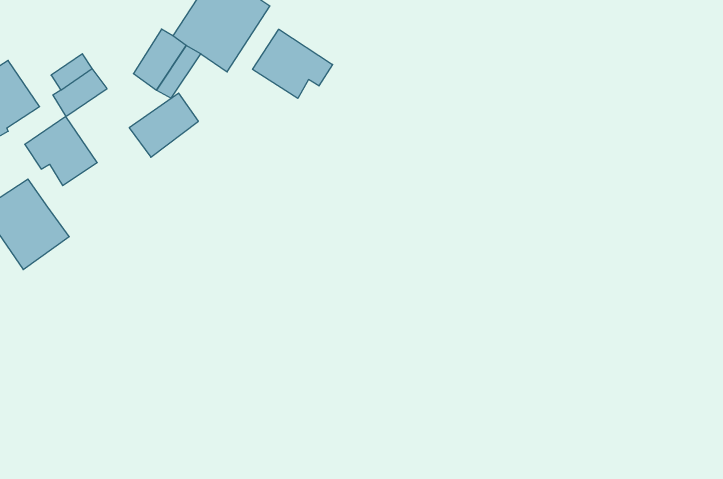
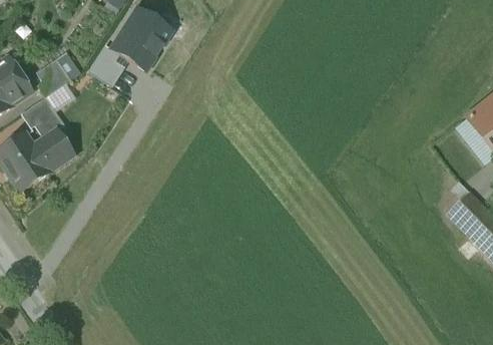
building: [253,29,333,98] -> none
building: [129,93,198,157] -> [35,130,77,169]

